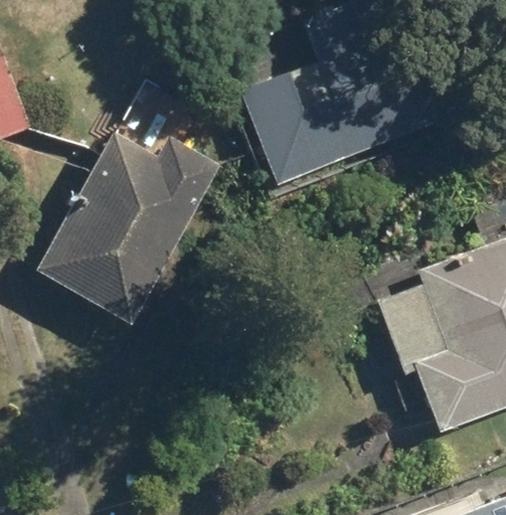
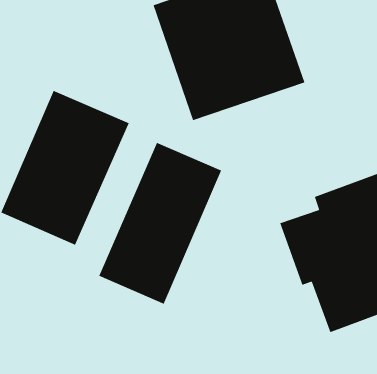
building: none -> [98,142,222,305]

